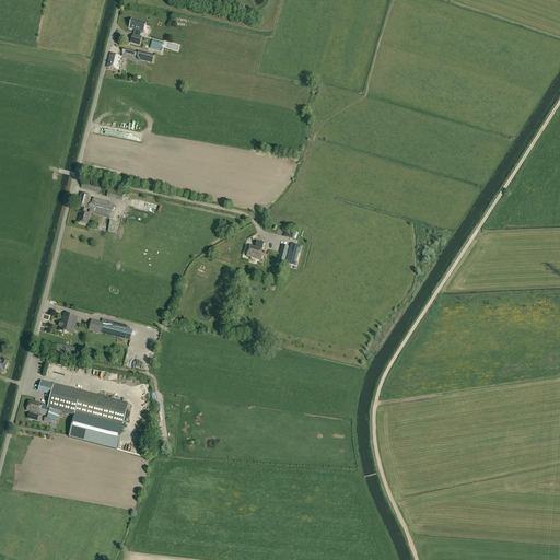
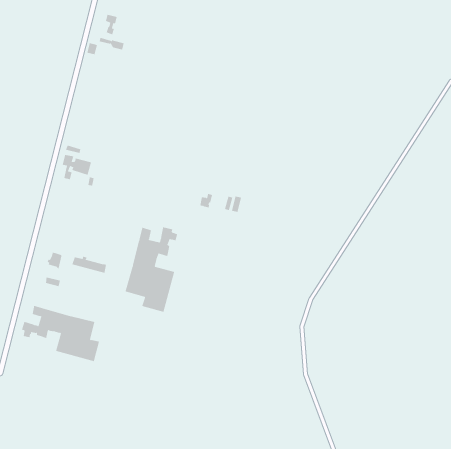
building: none -> [125,227,178,313]

